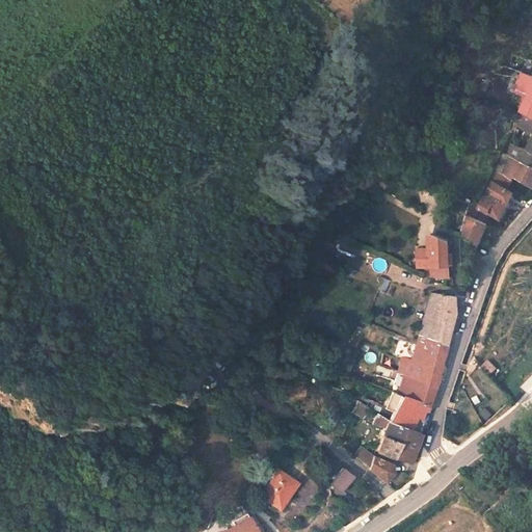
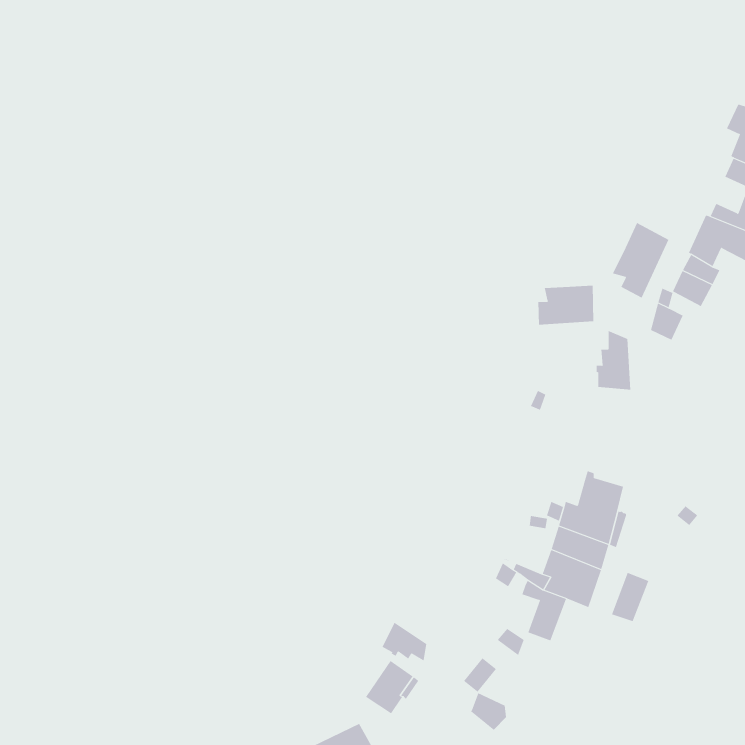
building: none -> [612,222,669,298]
building: none -> [538,285,594,326]
building: [419,293,453,347] -> none
building: [393,427,420,462] -> [611,572,649,622]
building: none -> [382,622,427,661]
building: [369,456,395,483] -> [470,692,507,730]

